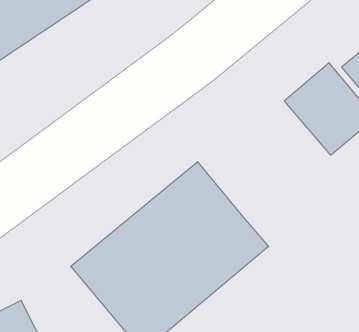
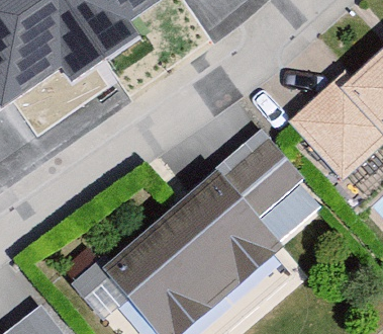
building: none -> [210,139,298,227]

